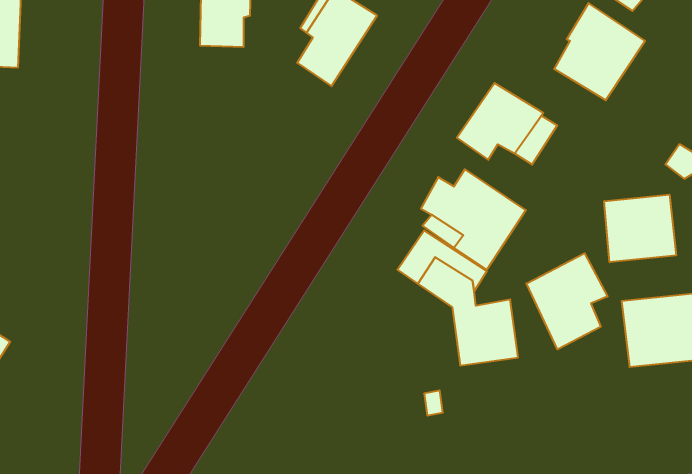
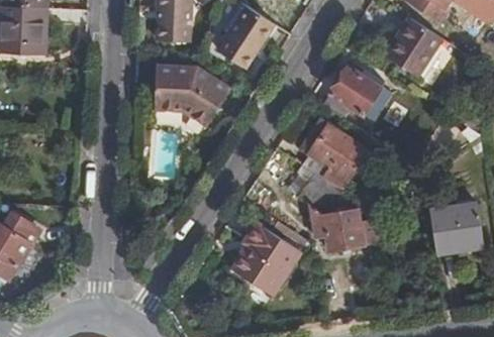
building: none -> [157,66,231,127]
building: [604,195,676,262] -> none
building: [526,253,608,349] -> none
building: none -> [233,223,301,297]

